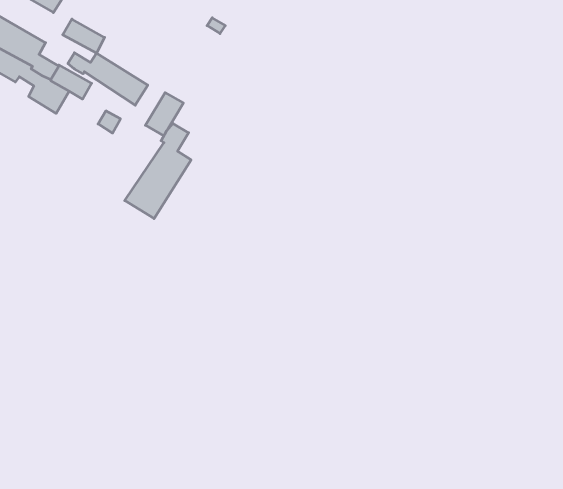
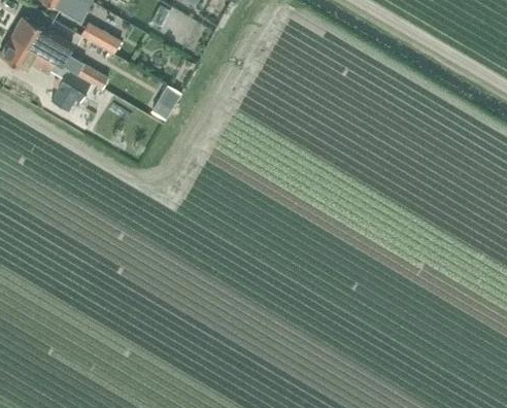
building: [68,53,148,105] -> none
building: [125,123,191,219] -> none

